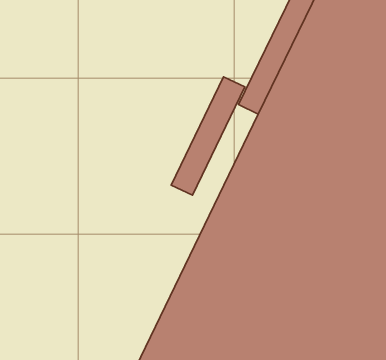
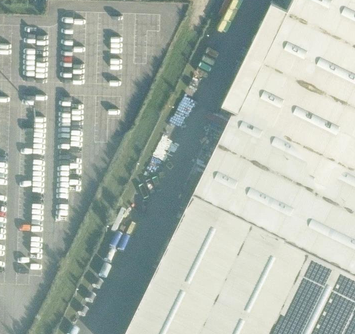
building: [171,77,245,195] -> none

